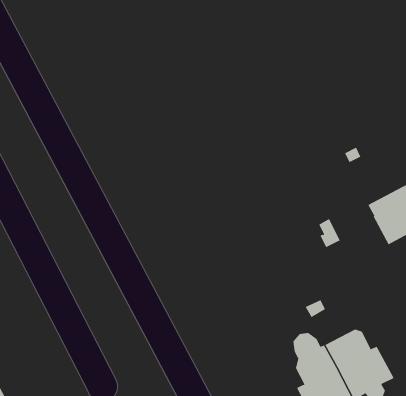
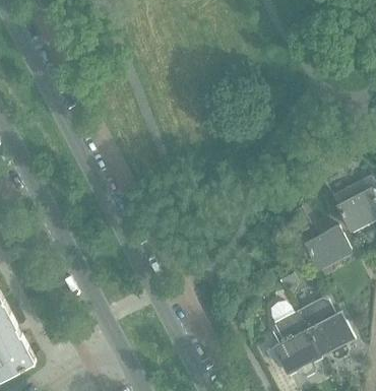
building: none -> [304,226,351,268]

